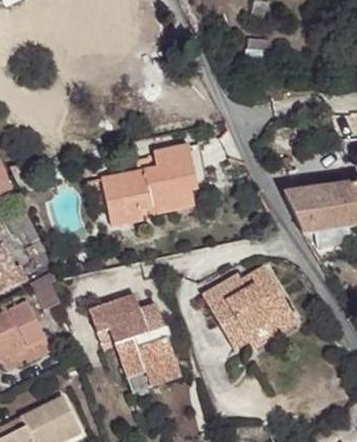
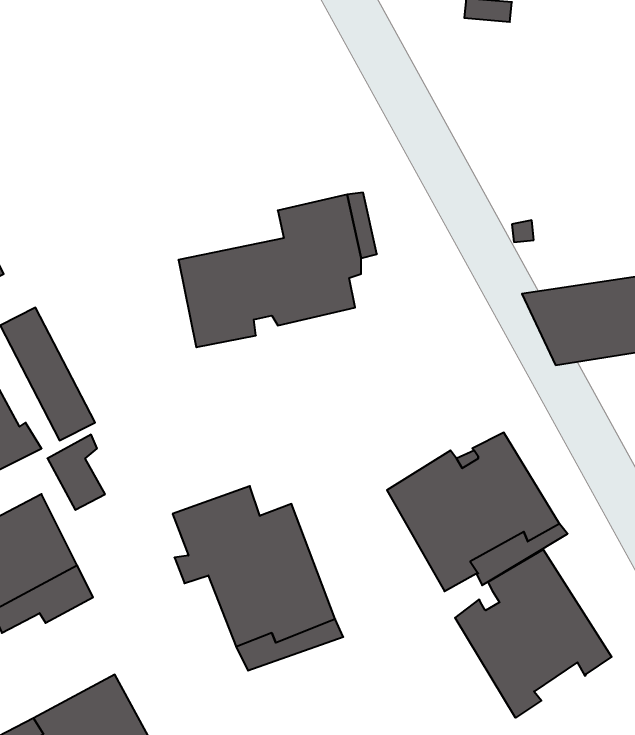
building: none -> [455,550,612,718]

